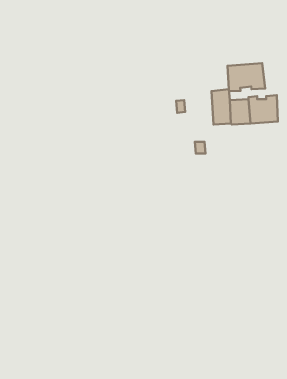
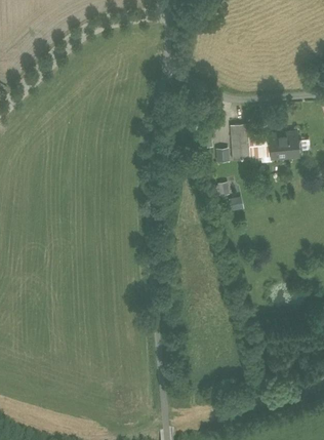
building: [228,63,265,91] -> none

